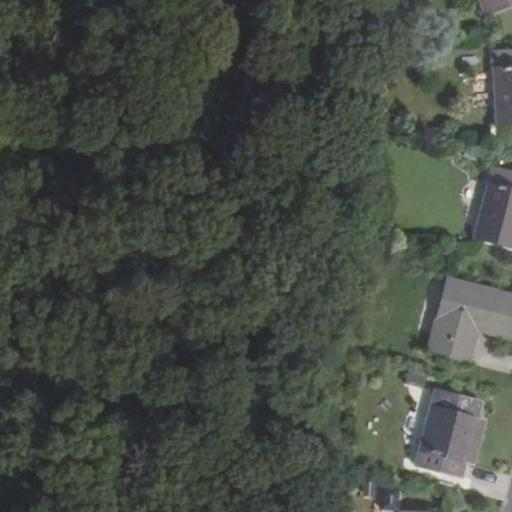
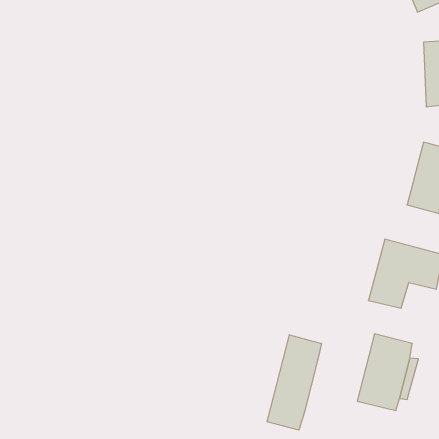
building: none -> [267,335,322,430]

